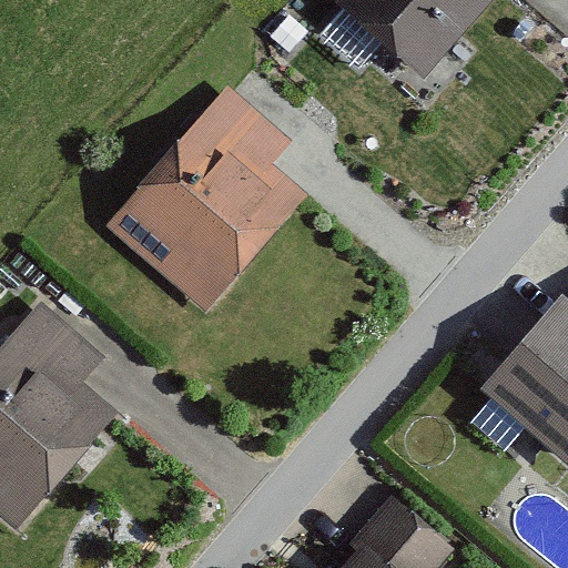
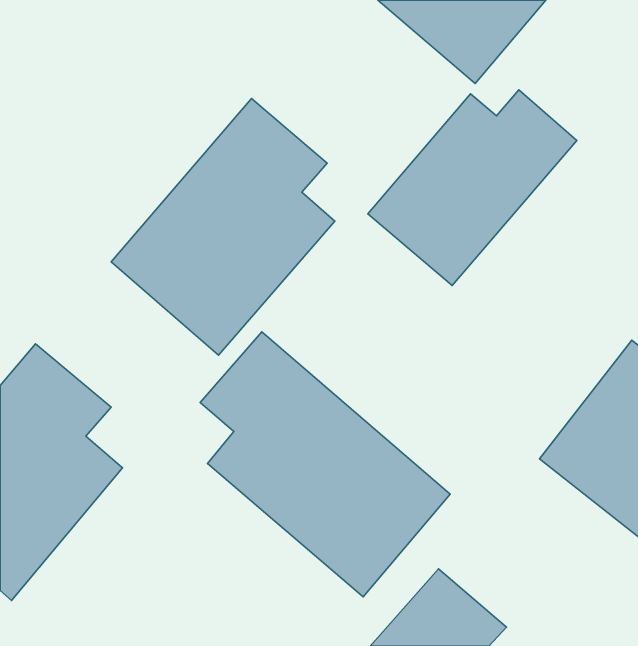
building: none -> [368,90,577,286]
building: none -> [200,332,450,597]

